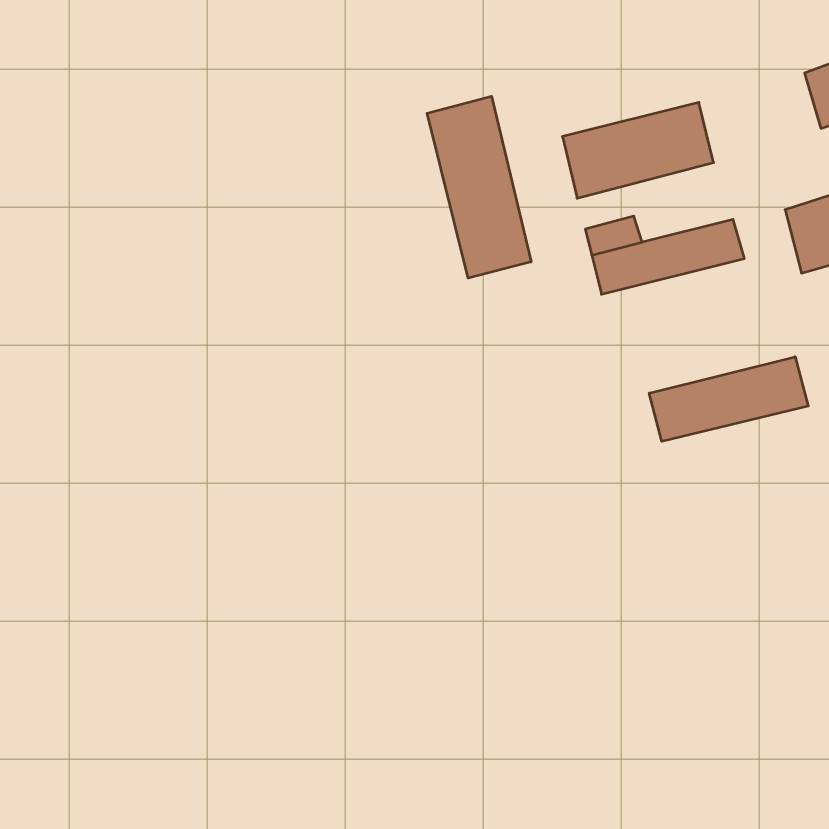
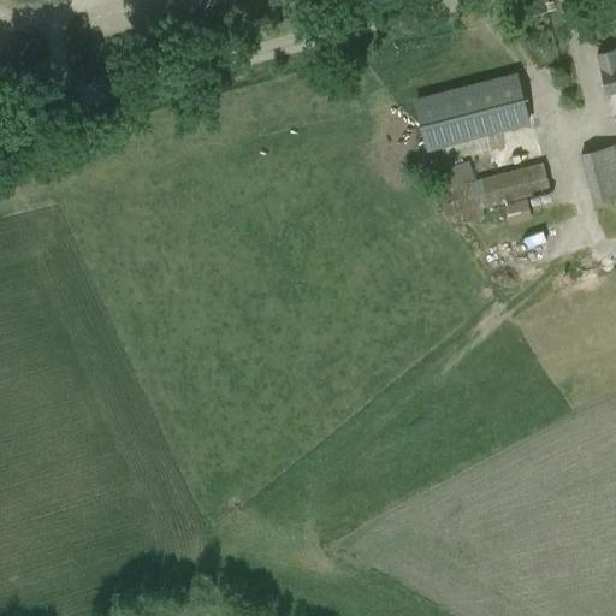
building: [427,96,531,278] -> none
building: [649,357,808,441] -> none

